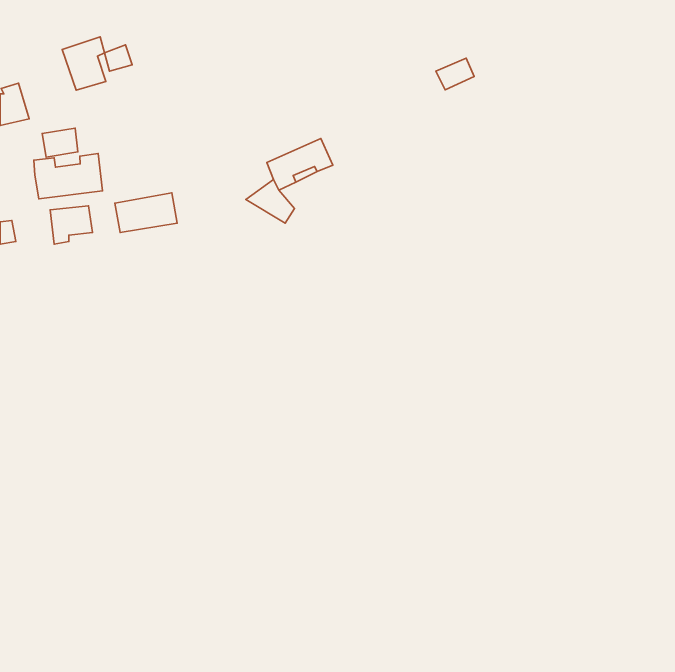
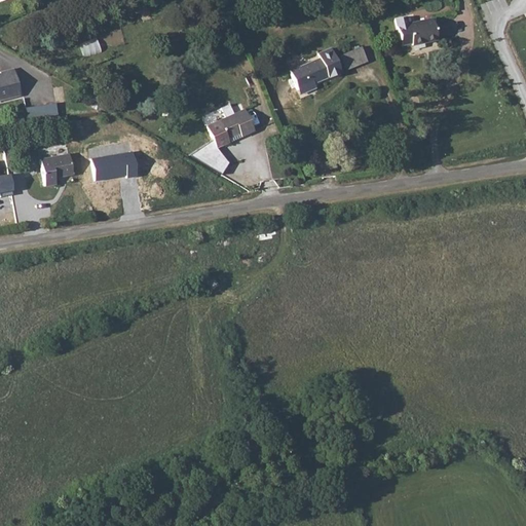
building: none -> [393,12,440,44]
building: [62,37,106,90] -> none
building: none -> [290,47,342,95]
building: [34,154,102,199] -> none

